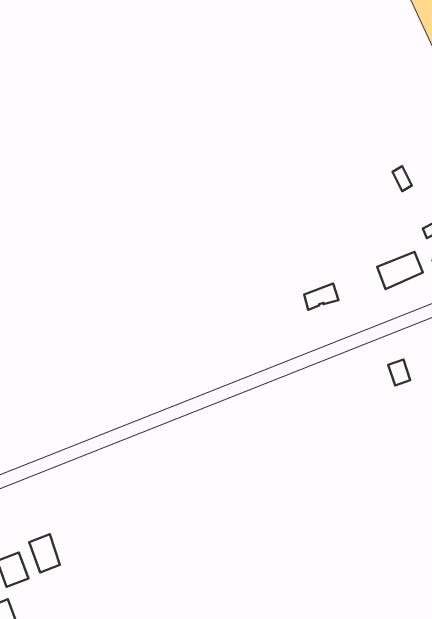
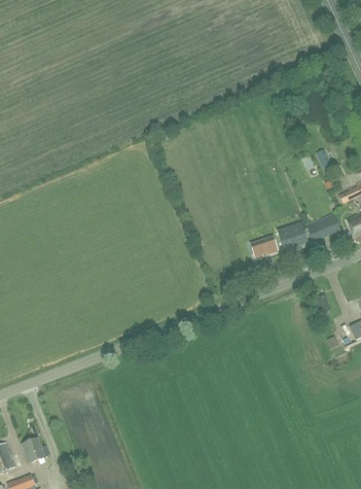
building: none -> [278,221,308,249]
building: [29,534,60,572] -> none

